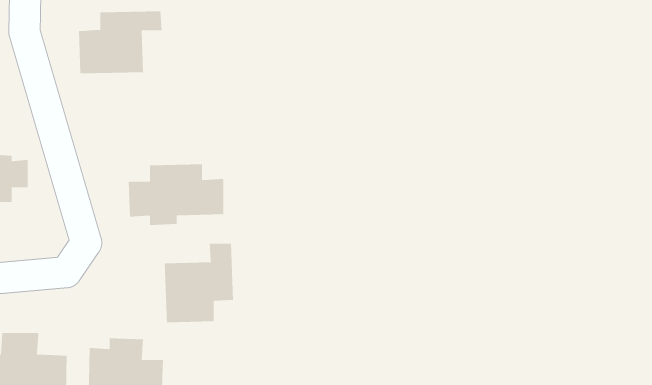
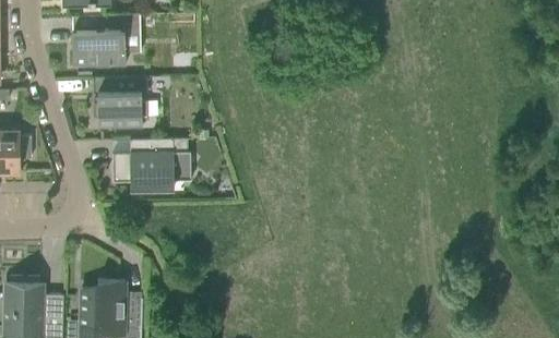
building: none -> [92,79,146,129]
building: [164,243,234,323] -> none

